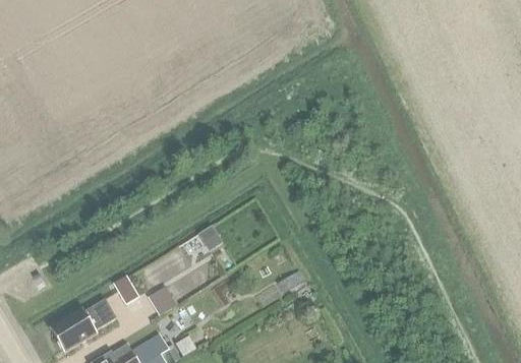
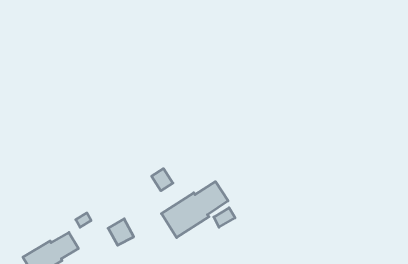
building: none -> [161,182,228,238]

